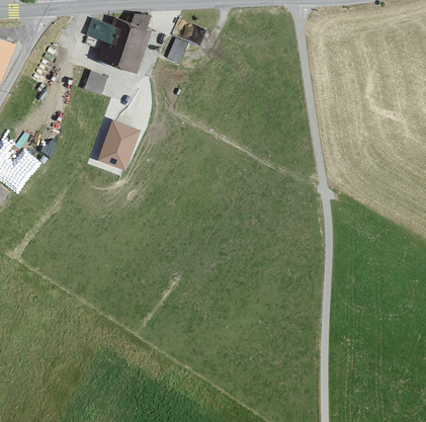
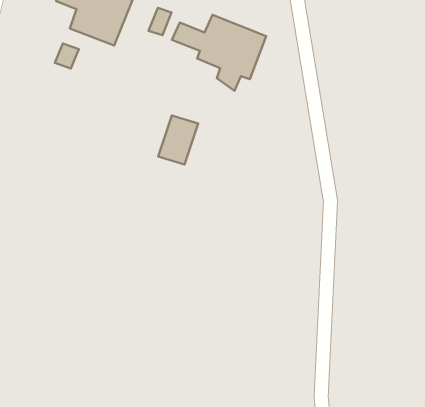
building: none -> [172,15,266,91]
building: [100,119,136,163] -> [158,115,198,165]

